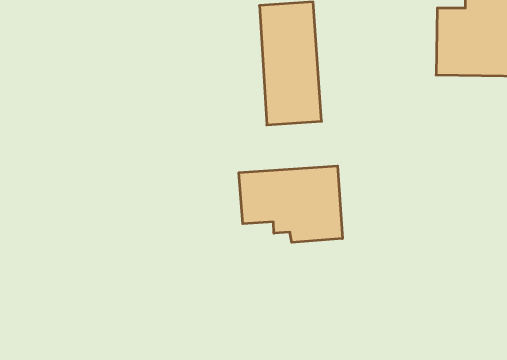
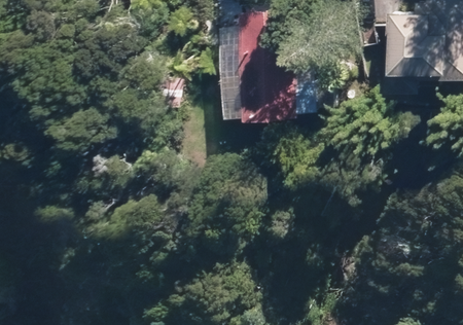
building: [239,166,342,242] -> none

